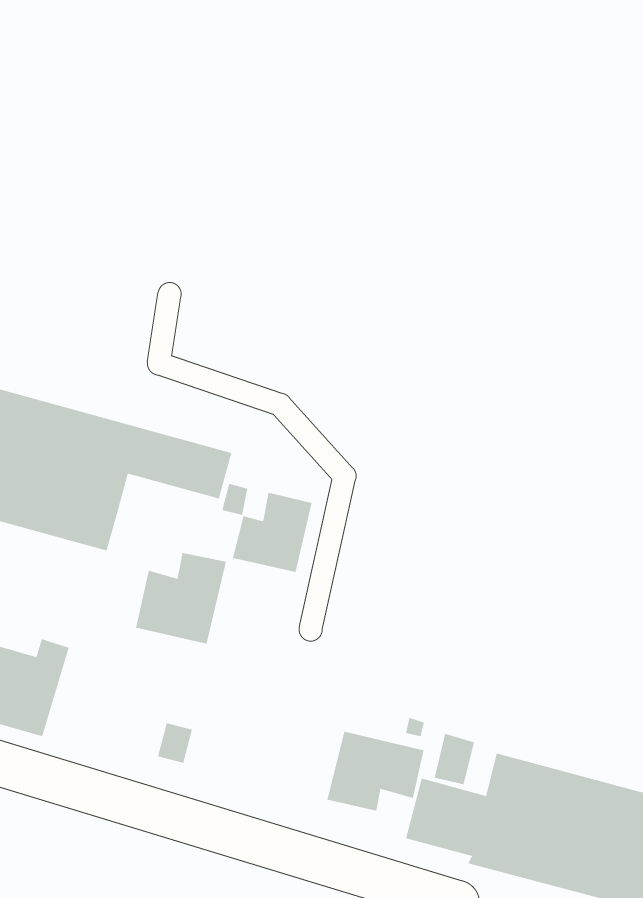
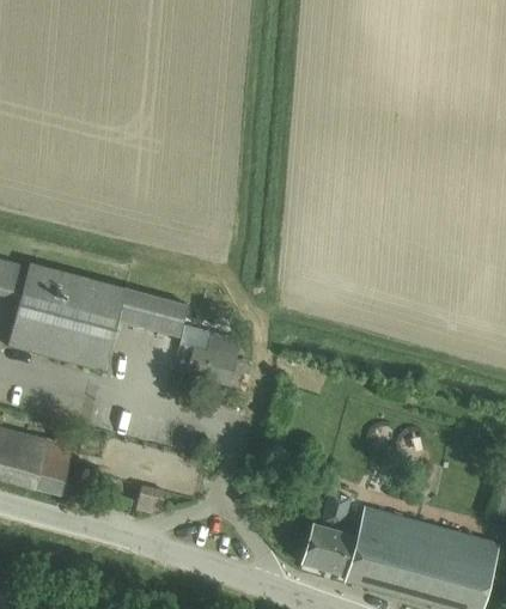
building: [136,552,226,644] -> none
building: [327,731,424,811] -> none

